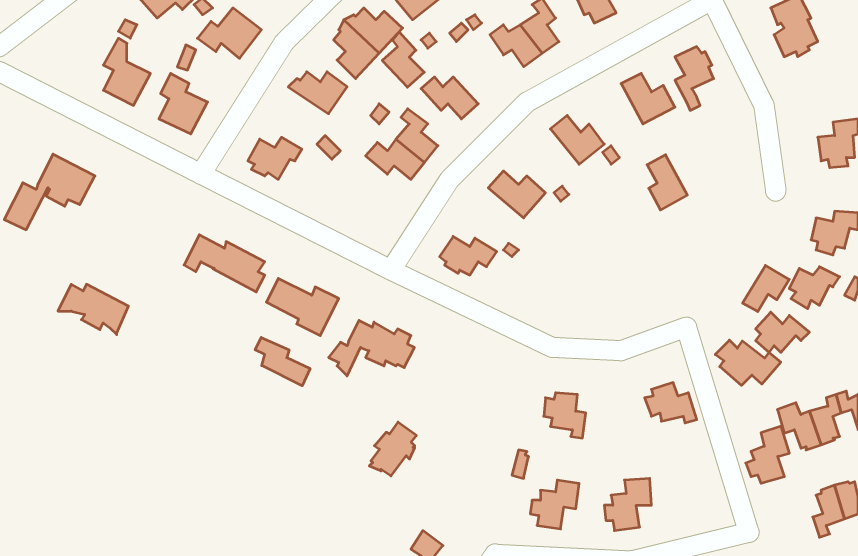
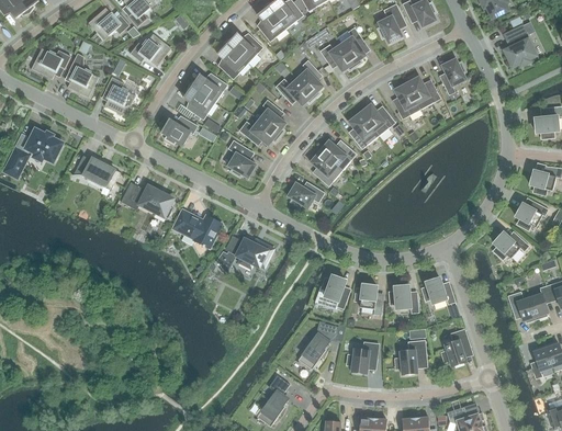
building: none -> [31,47,71,79]
building: [382,32,424,87] -> [296,59,324,95]
building: none -> [184,84,215,120]
building: none -> [348,112,379,148]
building: [647,155,687,210] -> [394,82,420,118]
building: none -> [228,139,257,178]
building: none -> [311,150,342,185]
building: [743,265,789,312] -> none
building: [58,284,128,335] -> [74,157,120,190]
building: [255,337,310,386] -> none
building: [715,340,781,385] -> none
building: none -> [322,274,349,308]
building: none -> [390,285,419,313]
building: [369,422,416,476] -> [297,333,328,368]
building: [746,426,789,483] -> [441,328,470,365]

